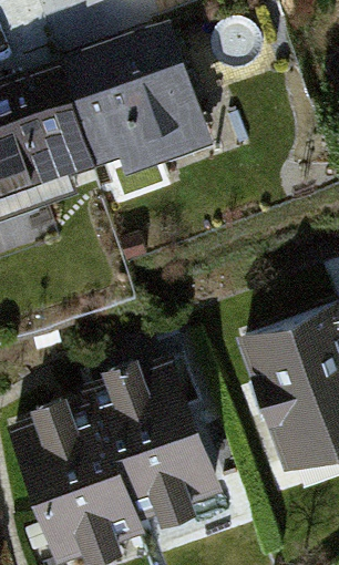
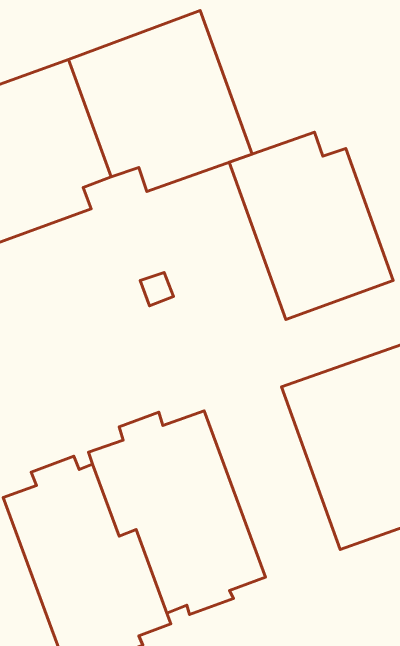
building: none -> [229,132,393,319]

